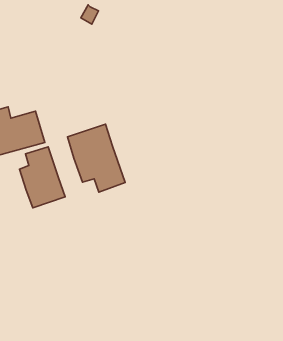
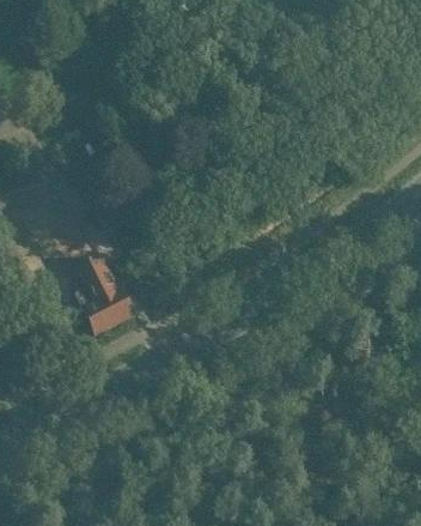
building: [67,124,125,192] -> none

